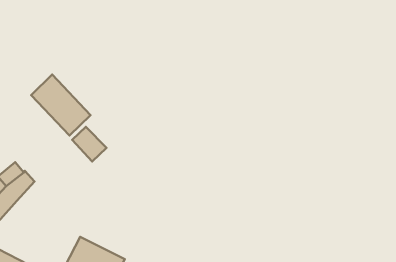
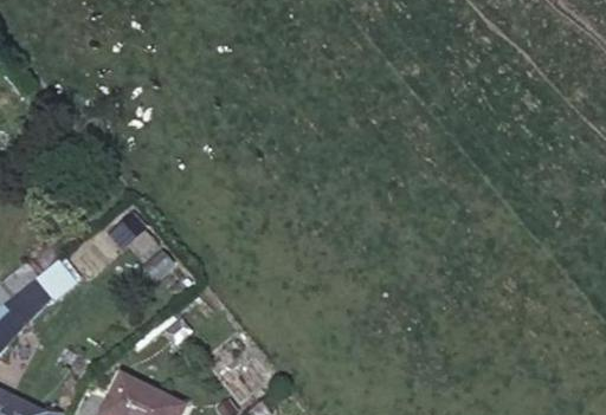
building: [31,75,91,136] -> none

